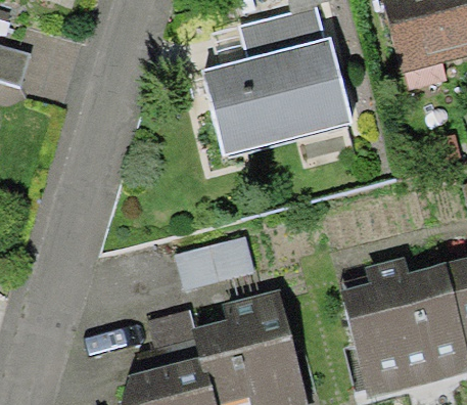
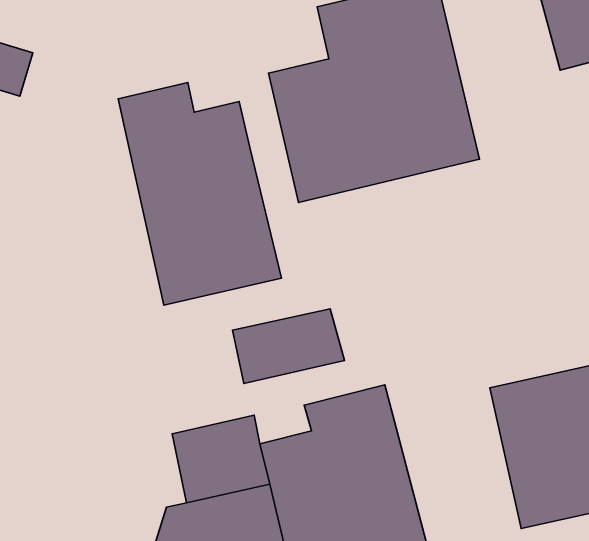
building: none -> [118,82,282,305]

